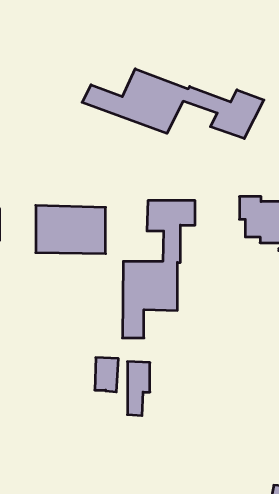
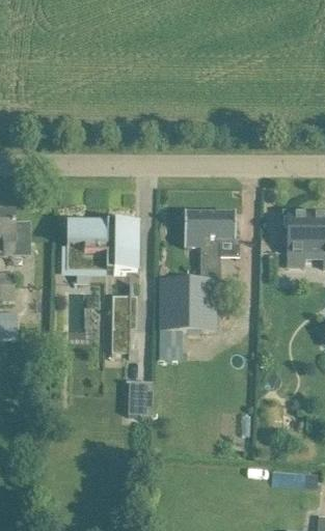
building: [82,69,264,139] -> none
building: [127,362,150,416] -> [112,295,136,352]

